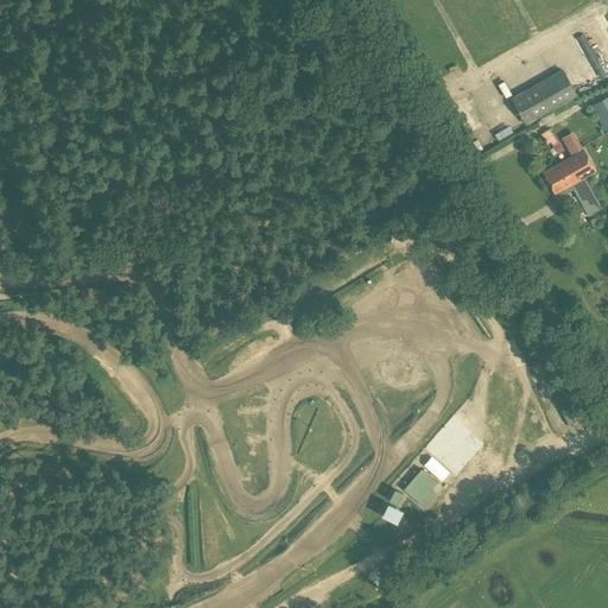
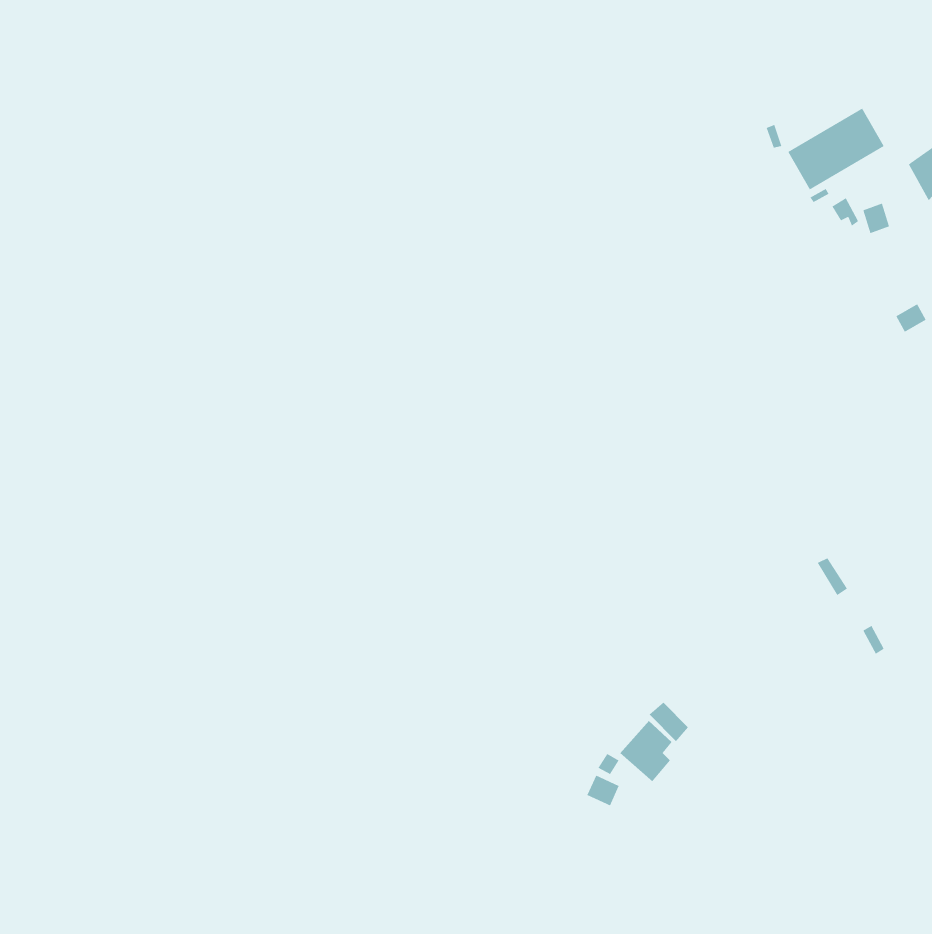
building: [544,150,595,192] -> none

